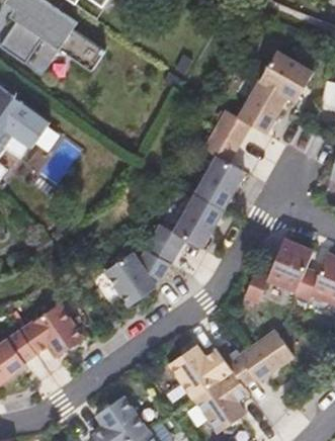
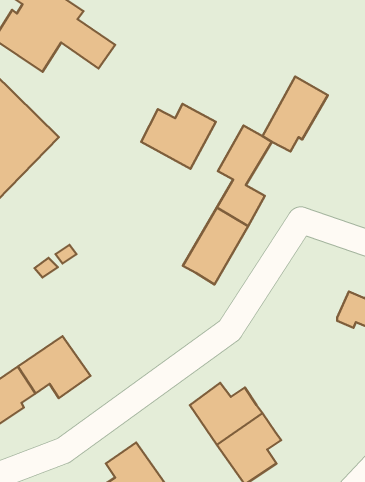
building: [261,52,315,100] -> none
building: none -> [141,104,216,169]
building: [246,235,315,298] -> none
building: [95,236,175,317] -> none
building: [228,330,295,386] -> none

